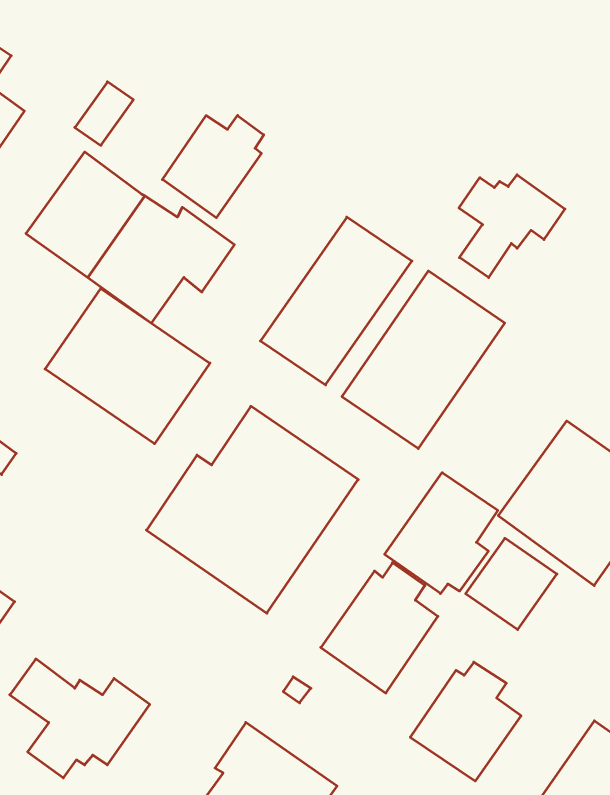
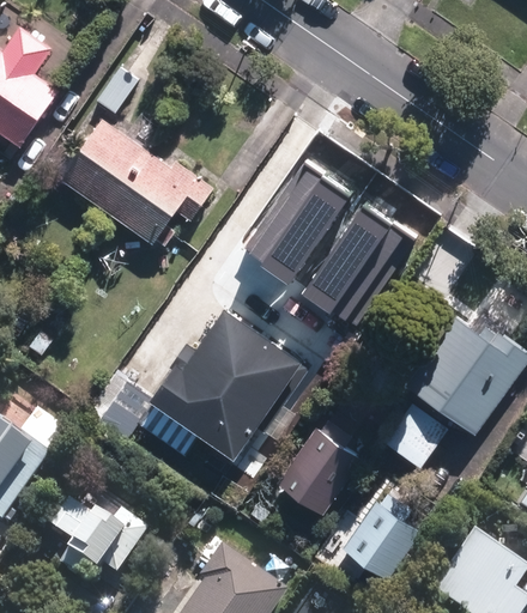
building: [162,115,264,218] -> none
building: [459,175,565,278] -> none
building: [45,288,210,444] -> none
building: [385,473,498,594] -> none

